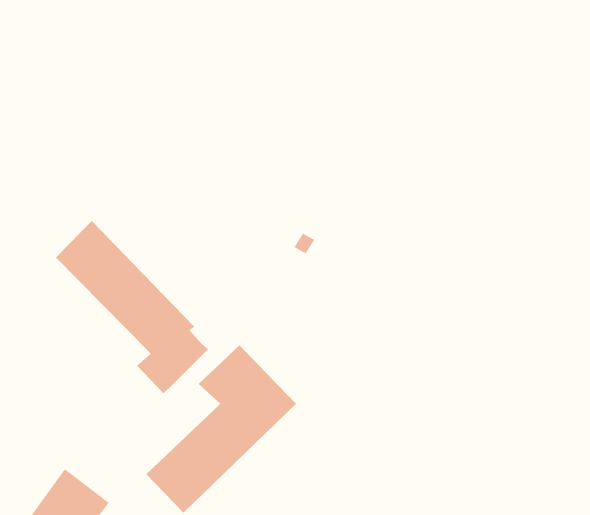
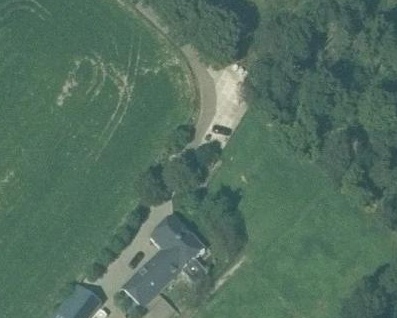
building: [55,220,209,394] -> none

